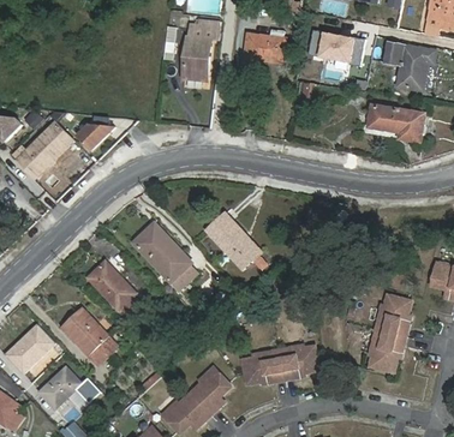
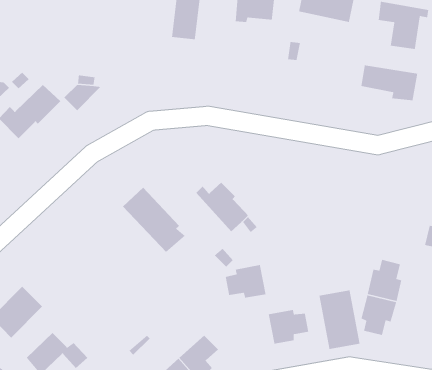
building: [86,262,141,316] -> none
building: [61,309,117,365] -> none
building: none -> [318,290,361,350]
building: [241,349,282,383] -> [225,264,267,298]

